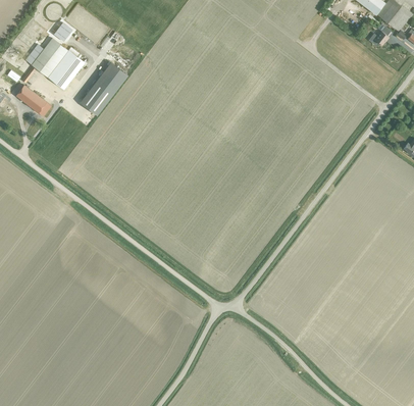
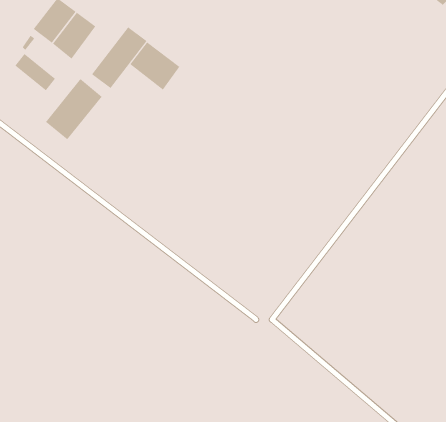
building: none -> [129,42,180,91]
building: none -> [45,78,102,140]

